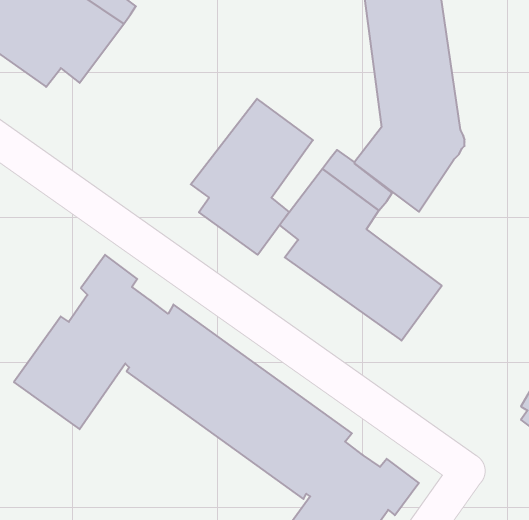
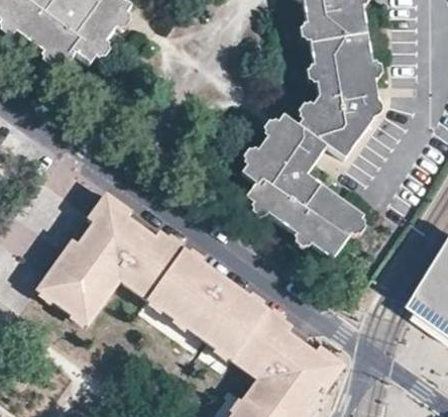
building: [191,99,313,255] -> none

